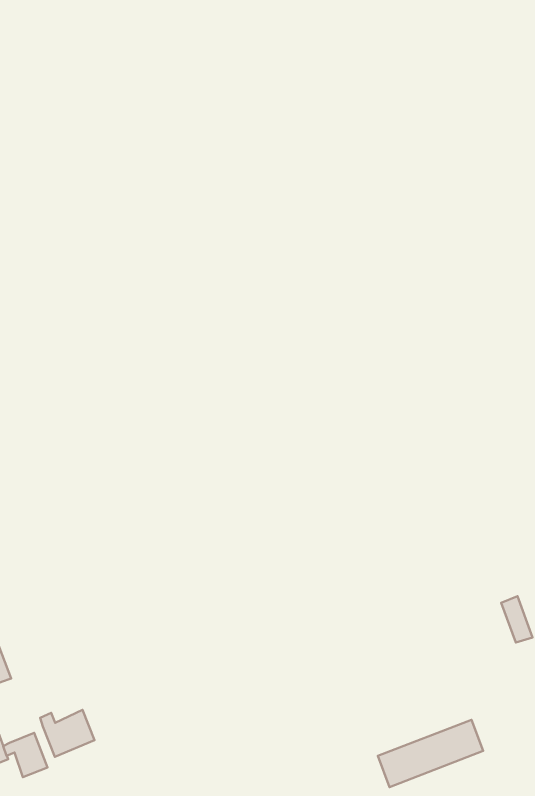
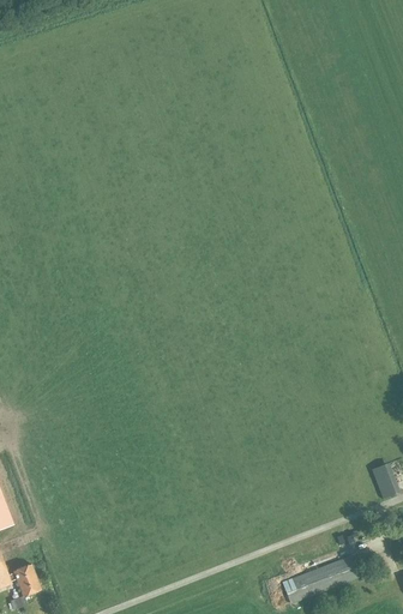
building: [40,710,95,757] -> none

